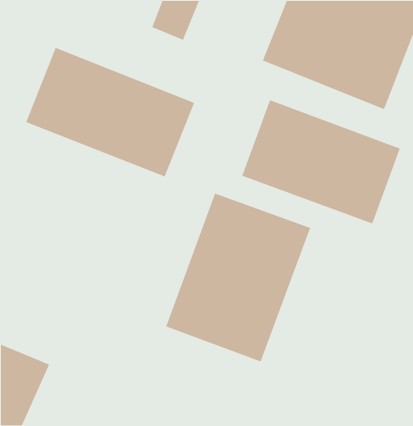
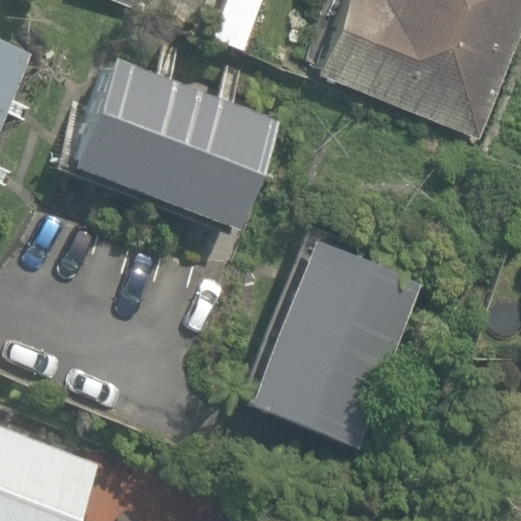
building: [241,99,401,224] -> none

